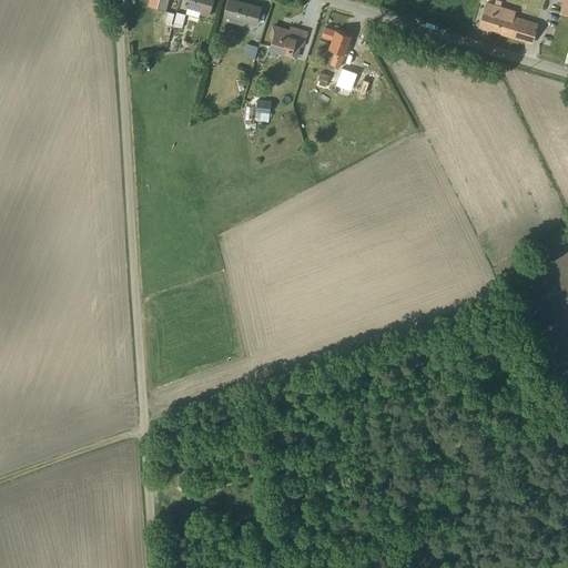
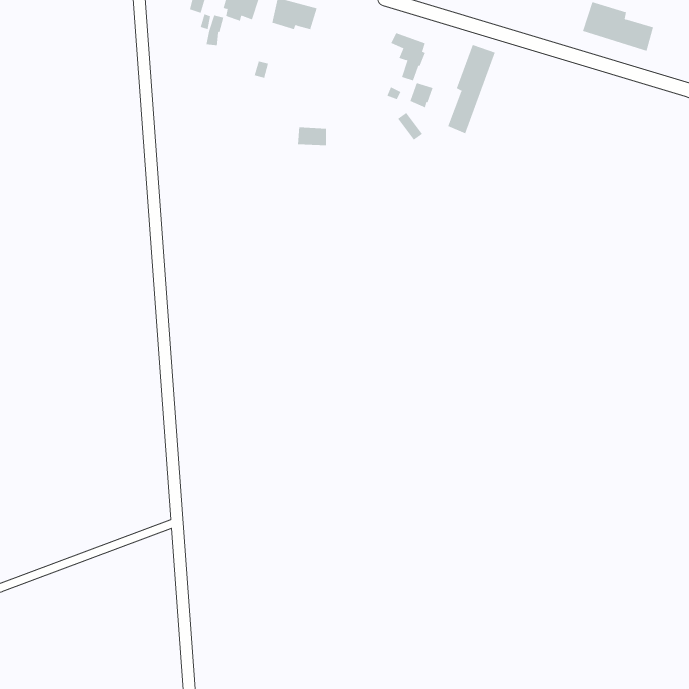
building: [270,26,308,59] -> none
building: none -> [447,44,495,134]

